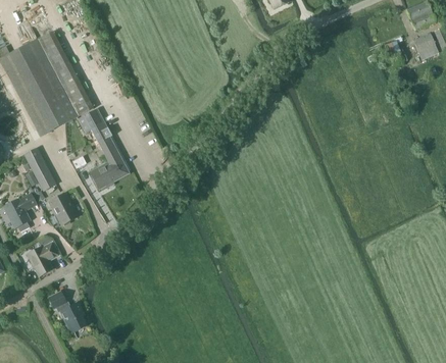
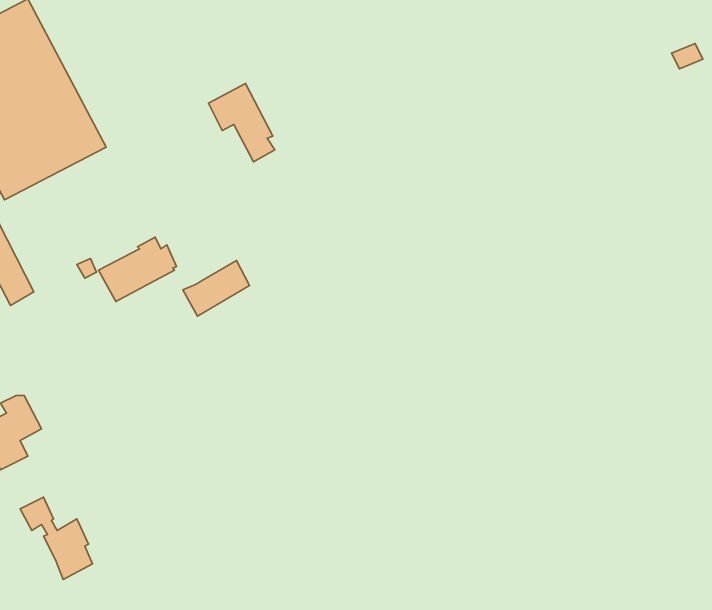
building: [78,108,112,149] -> [208,83,275,162]
building: none -> [183,260,250,316]
building: [49,193,78,224] -> none

